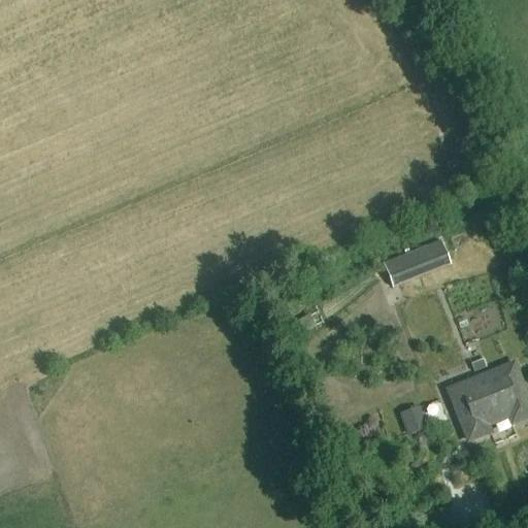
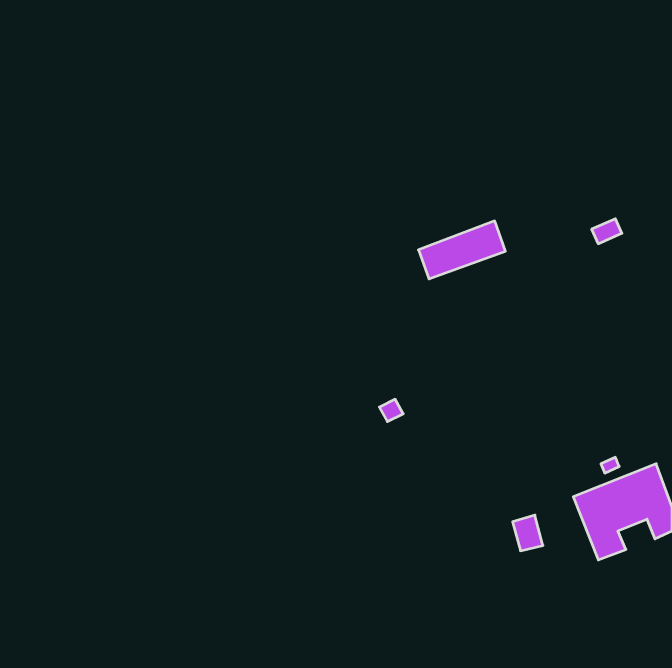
building: [384,241,452,287] -> [418,221,505,279]

